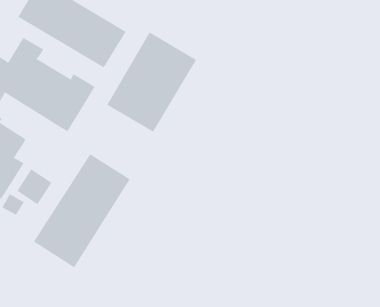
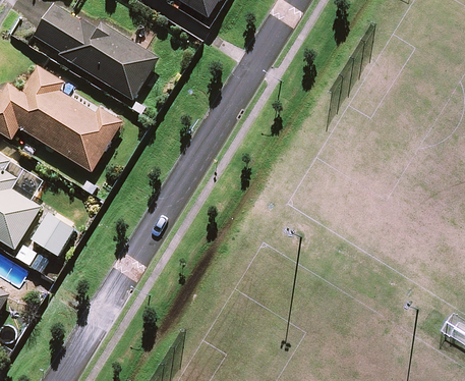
building: [106,31,197,132] -> none
building: [33,153,130,268] -> none

